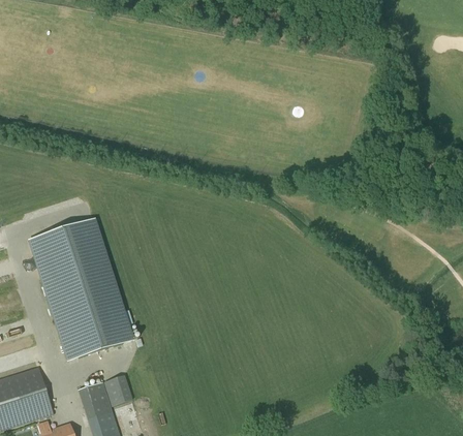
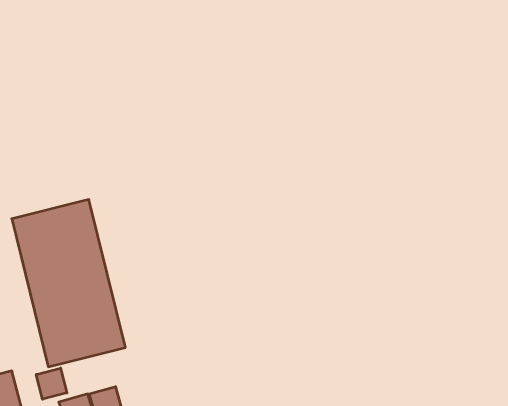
building: none -> [36,368,67,399]

